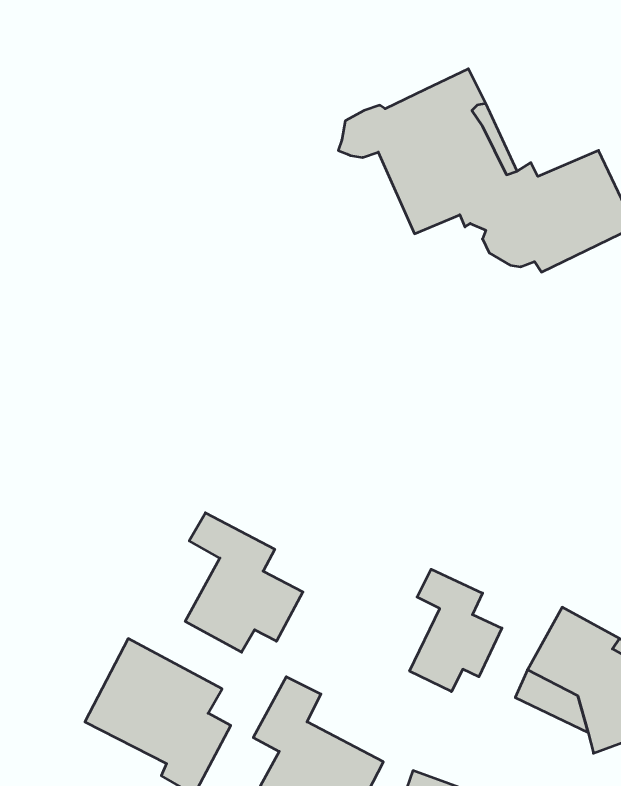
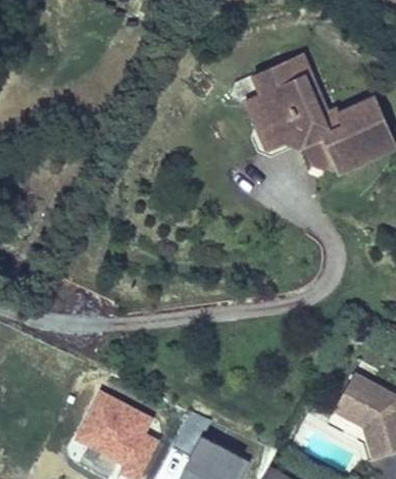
building: [185,513,303,652] -> none
building: [410,569,502,692] -> none

